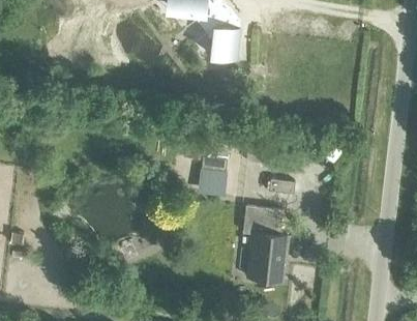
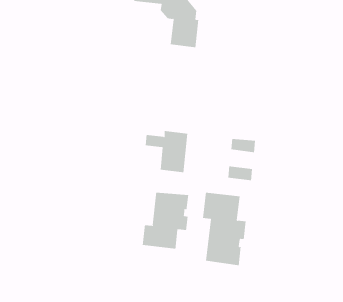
building: none -> [142,192,189,249]

